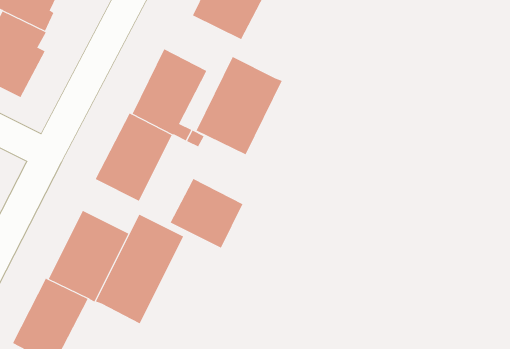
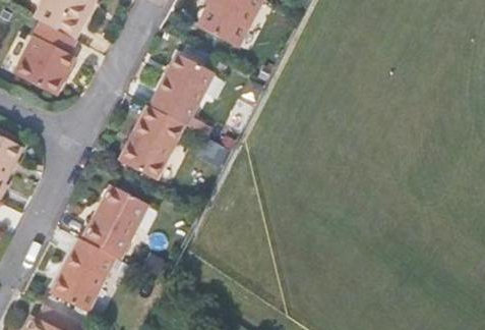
building: [196,56,283,155] -> none
building: [170,178,243,249] -> none
building: [95,214,184,324] -> none

